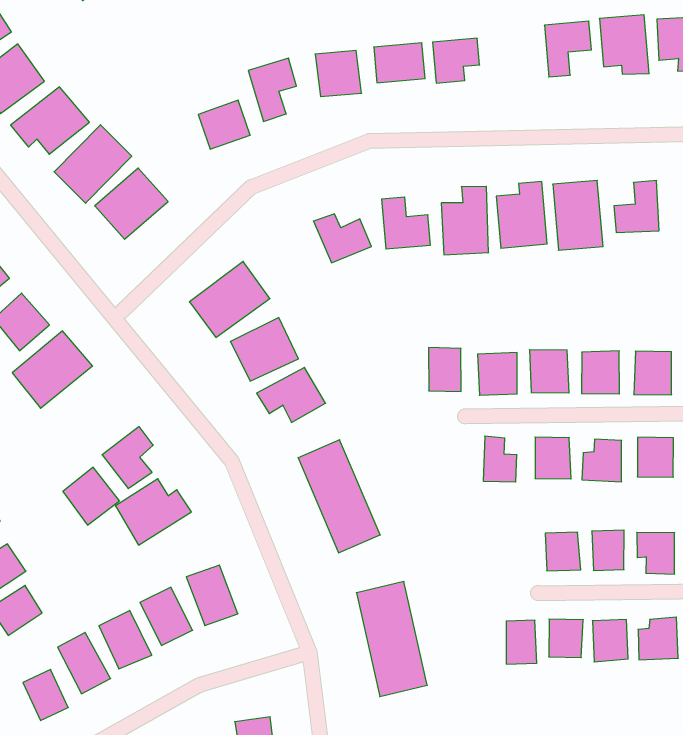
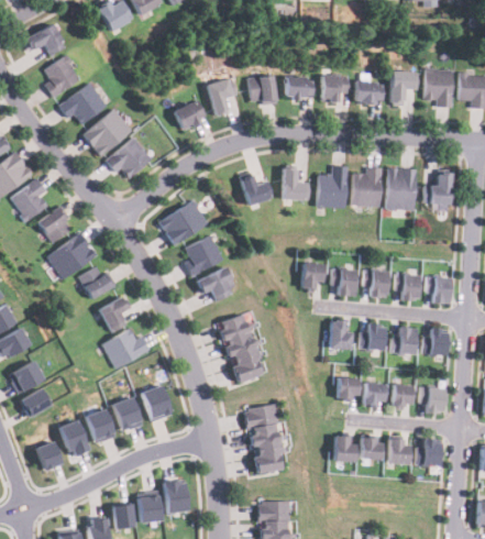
building: none -> [355,81,385,103]
building: [63,467,119,525] -> [79,265,113,300]
building: none -> [338,378,360,402]

